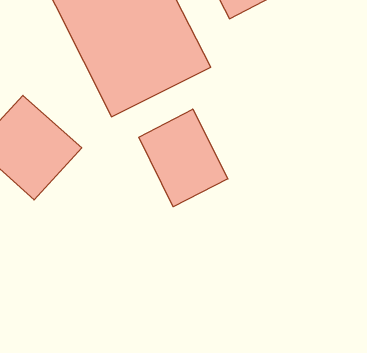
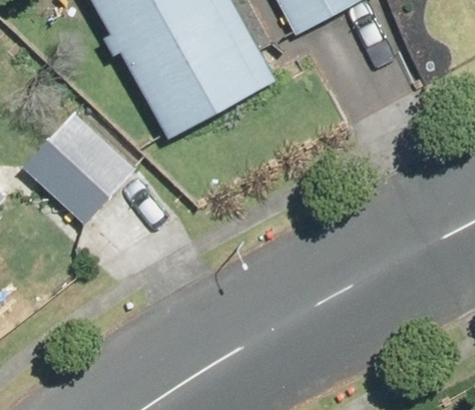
building: [139,109,228,207] -> none

